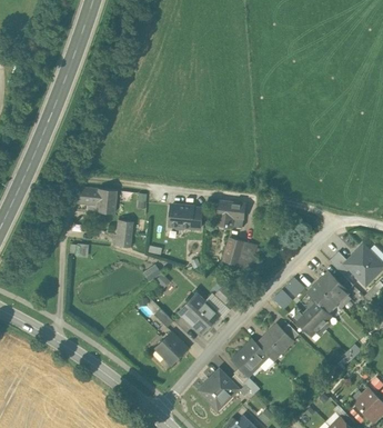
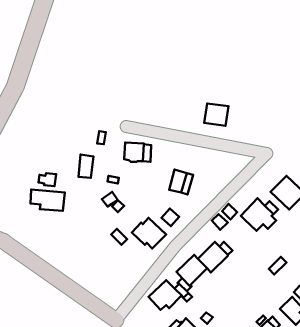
building: [75,187,117,212] -> [30,190,65,211]
building: [216,201,245,228] -> [204,103,228,126]
building: [293,297,333,337] -> none
building: [155,331,188,365] -> none

